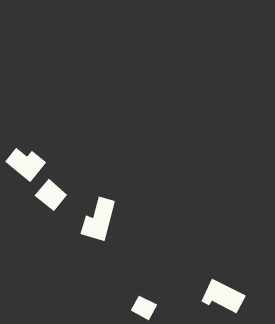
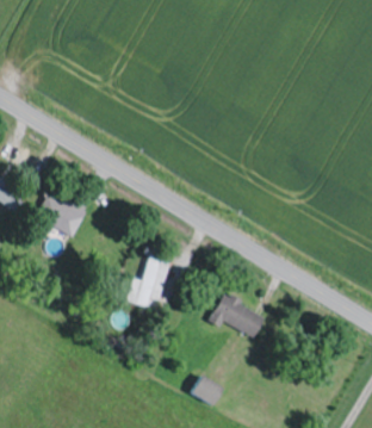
building: [34,178,68,212] -> none
building: [201,278,247,314] -> [209,292,265,336]

